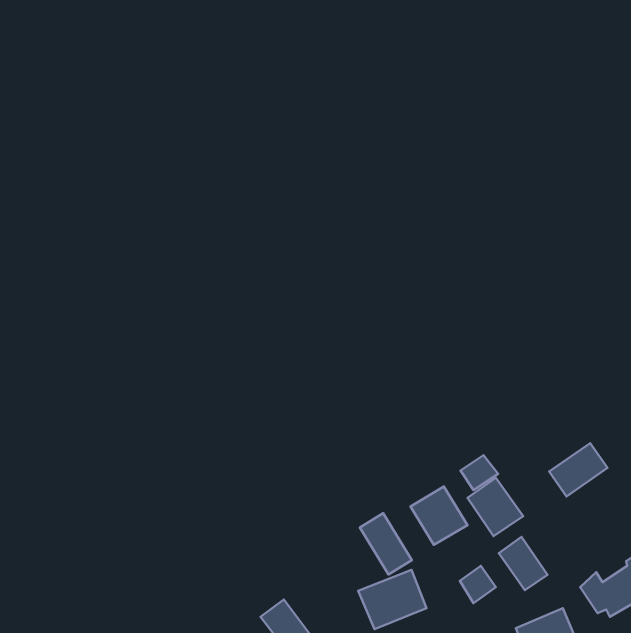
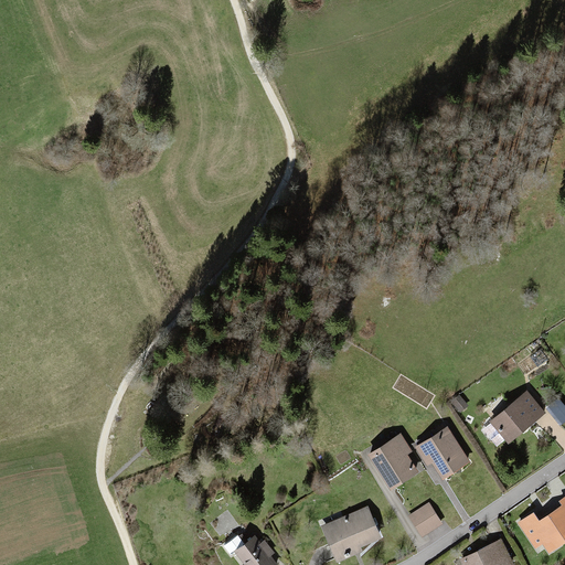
building: [460,455,498,490] -> none
building: [360,513,412,575] -> none
building: [499,537,548,590] -> none

